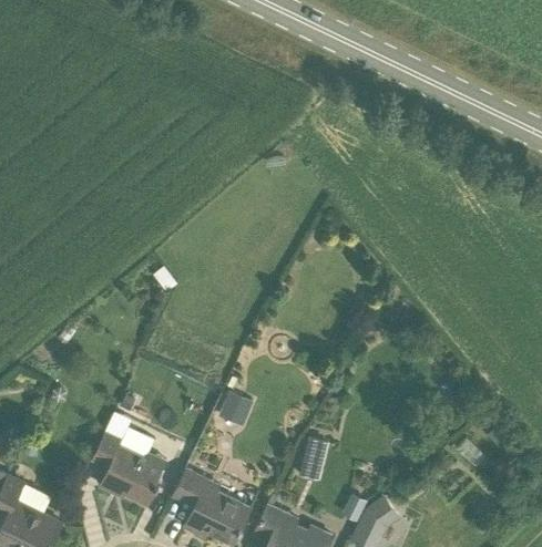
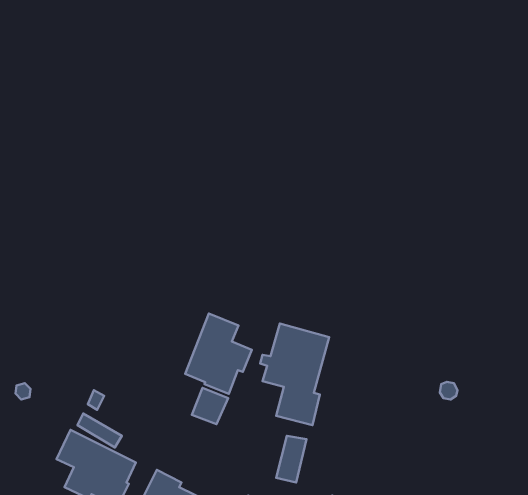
building: none -> [185,313,252,394]
building: none -> [260,324,329,425]

